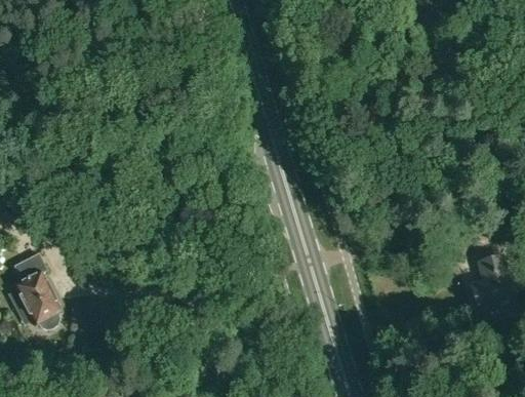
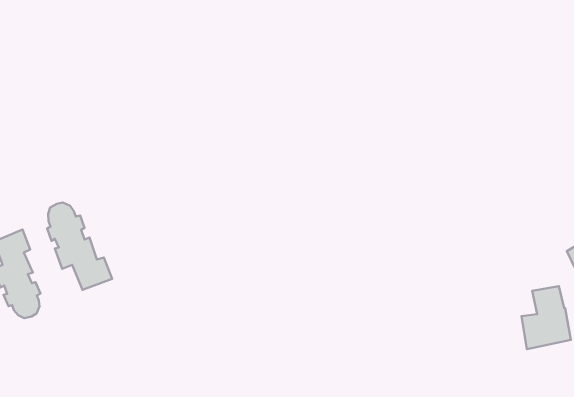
building: none -> [47,203,112,290]

